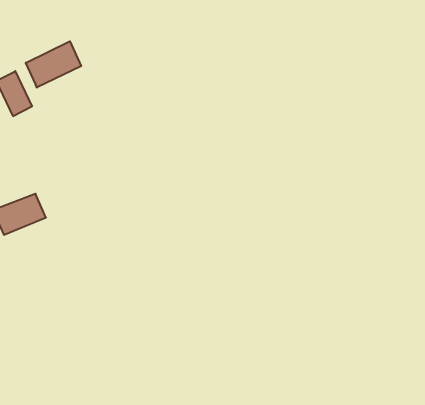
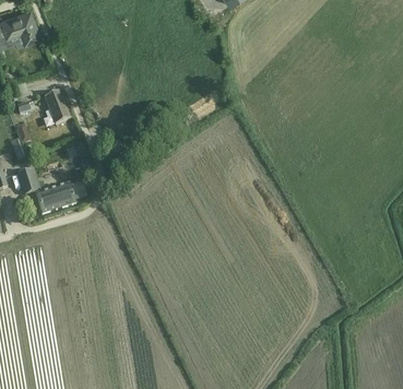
building: [26,41,81,88] -> none

